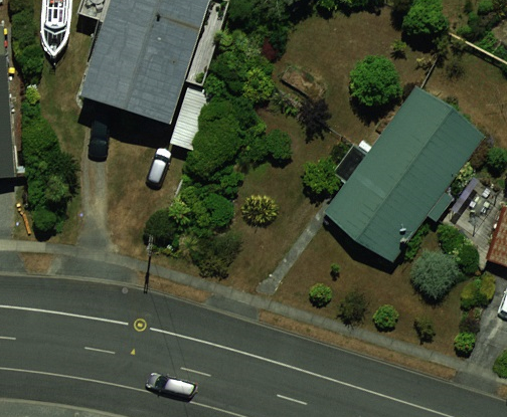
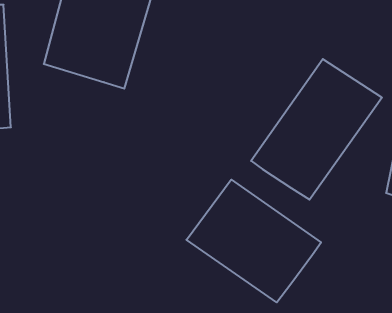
building: none -> [186,180,321,302]

